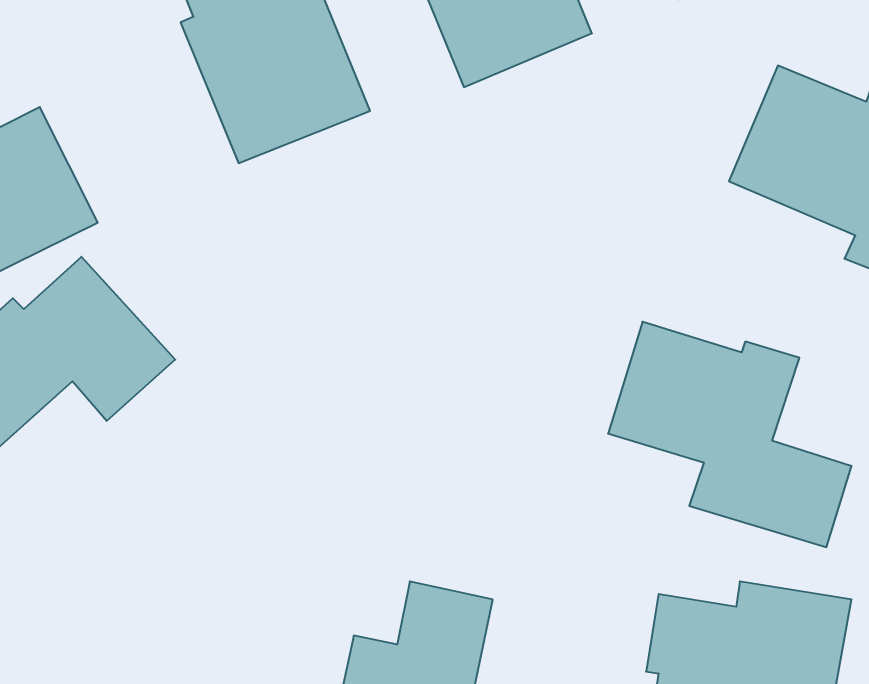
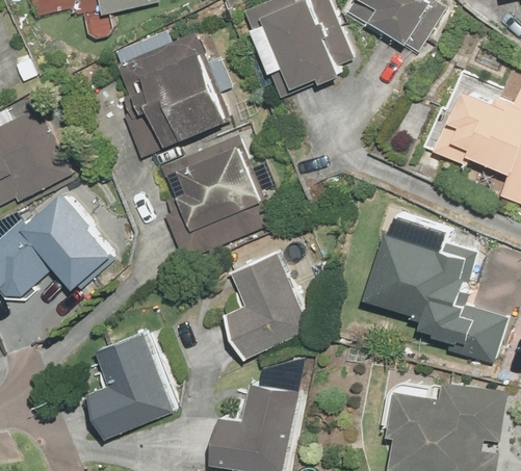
building: none -> [157,126,282,258]
building: none -> [224,252,309,359]
building: none -> [86,334,170,436]

